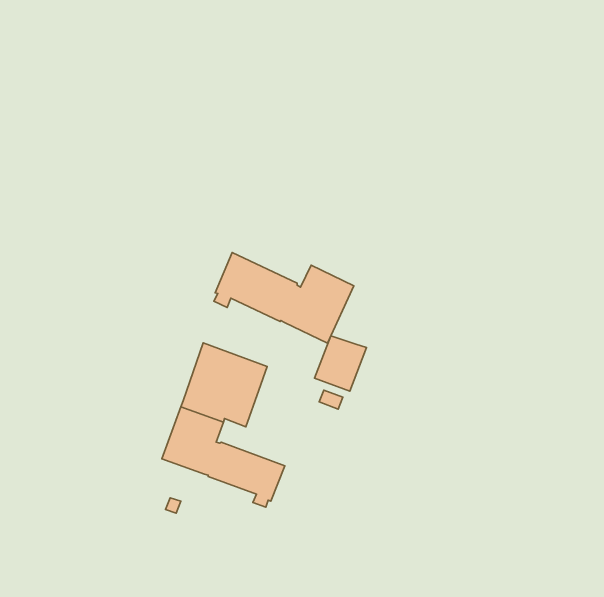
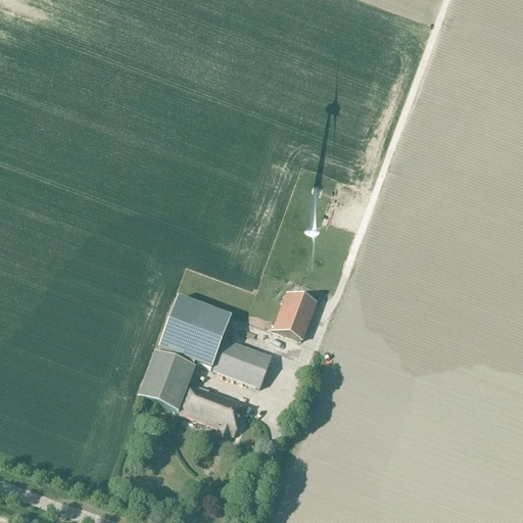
building: [214,253,354,343] -> none
building: none -> [212,337,272,386]

